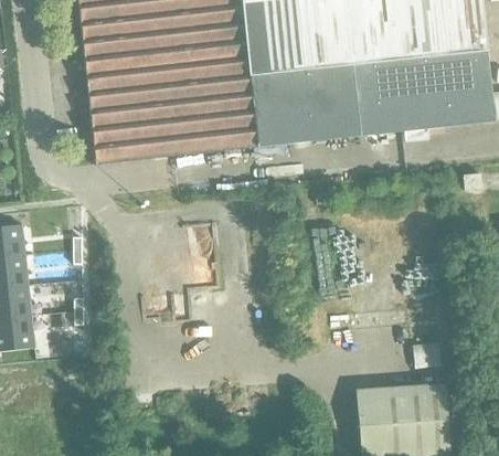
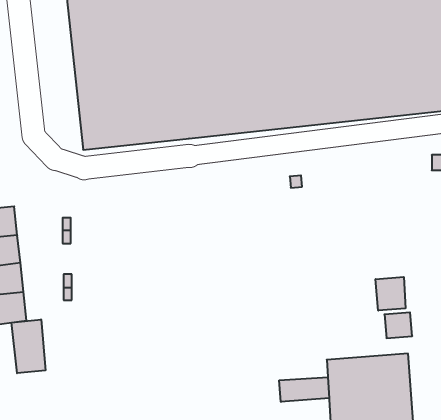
building: none -> [376,277,405,311]
building: none -> [12,319,45,373]
building: none -> [279,377,329,402]

